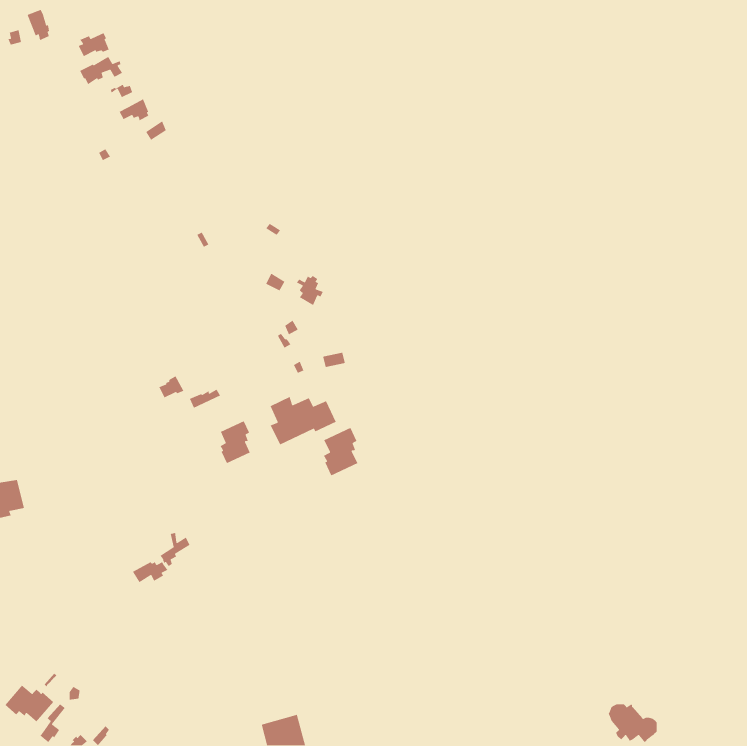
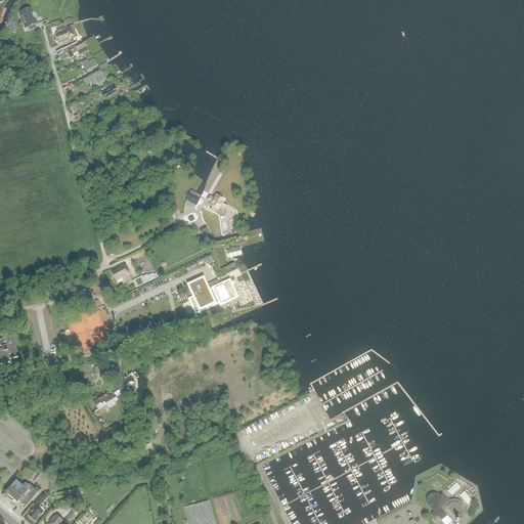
building: [219,420,251,464] -> none
building: [323,427,358,476] -> none

